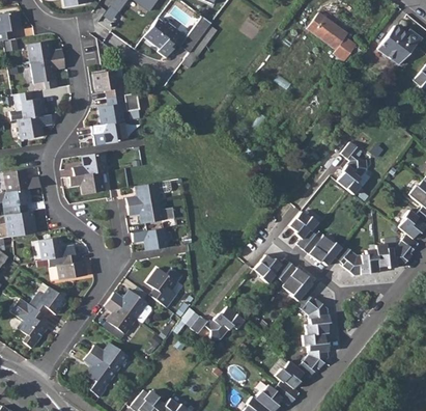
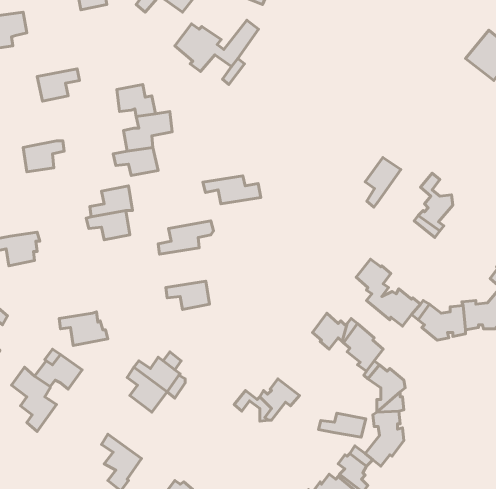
building: [307,12,356,63] -> none
building: [29,40,64,63] -> none
building: [16,92,48,119] -> none
building: none -> [365,158,401,207]
building: [7,168,44,192] -> none
building: [131,201,177,224] -> [203,176,261,204]
building: [9,211,39,238] -> none
building: [41,238,77,259] -> none
building: [147,268,177,307] -> none
building: none -> [319,413,366,437]
building: [89,344,127,372] -> none

